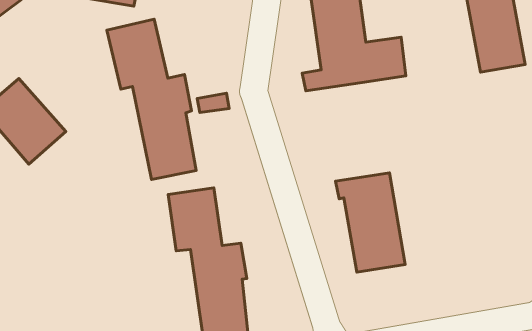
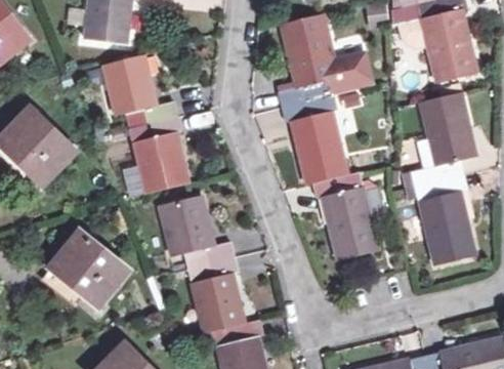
building: none -> [282,95,350,184]
building: none -> [413,93,475,264]
building: none -> [51,233,125,304]

